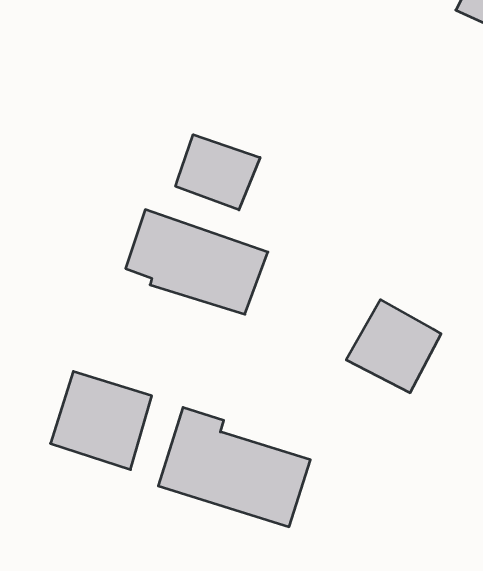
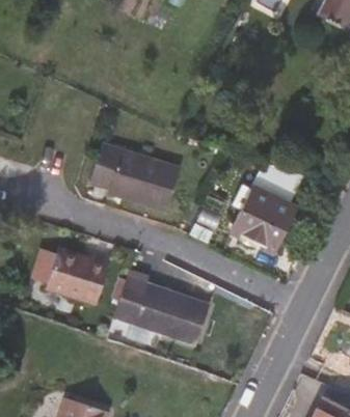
building: [176,135,260,210] -> none
building: none -> [255,173,306,221]

